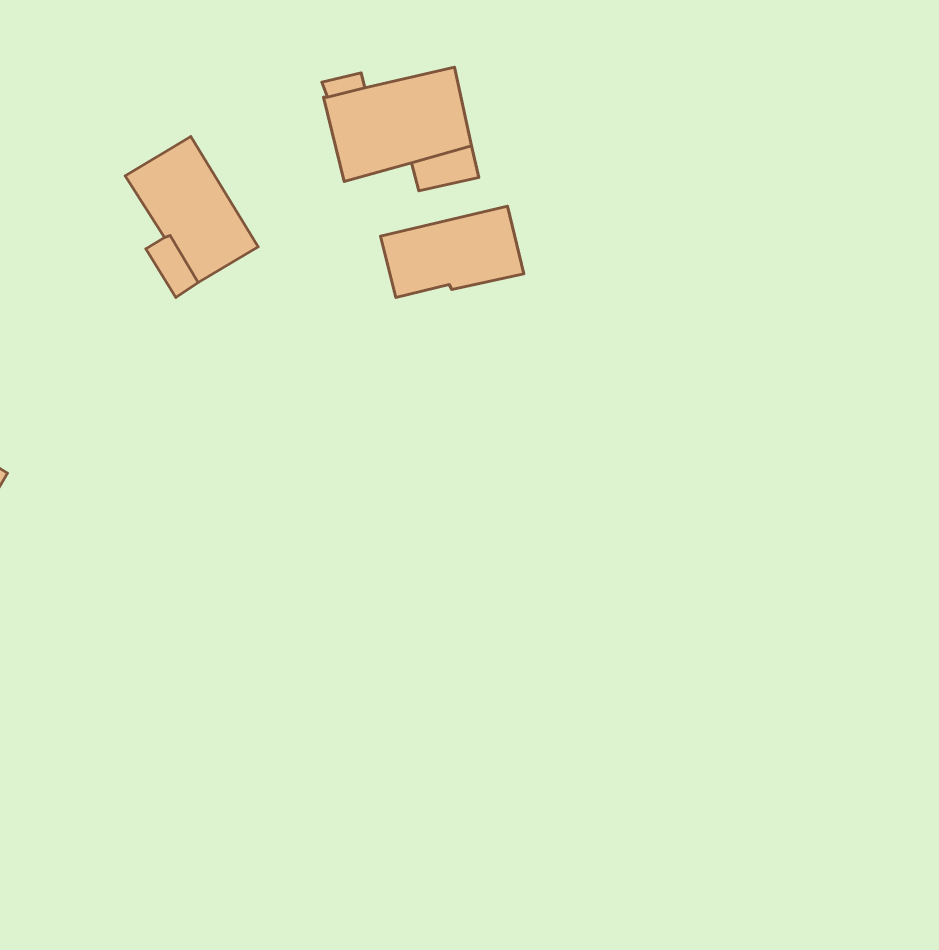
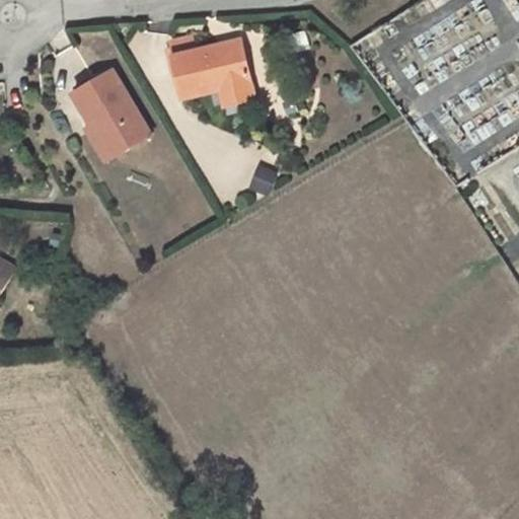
building: [381,206,524,298] -> none

